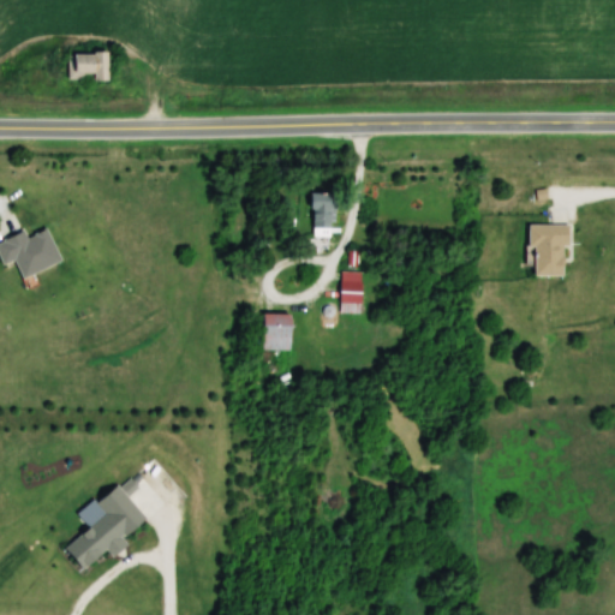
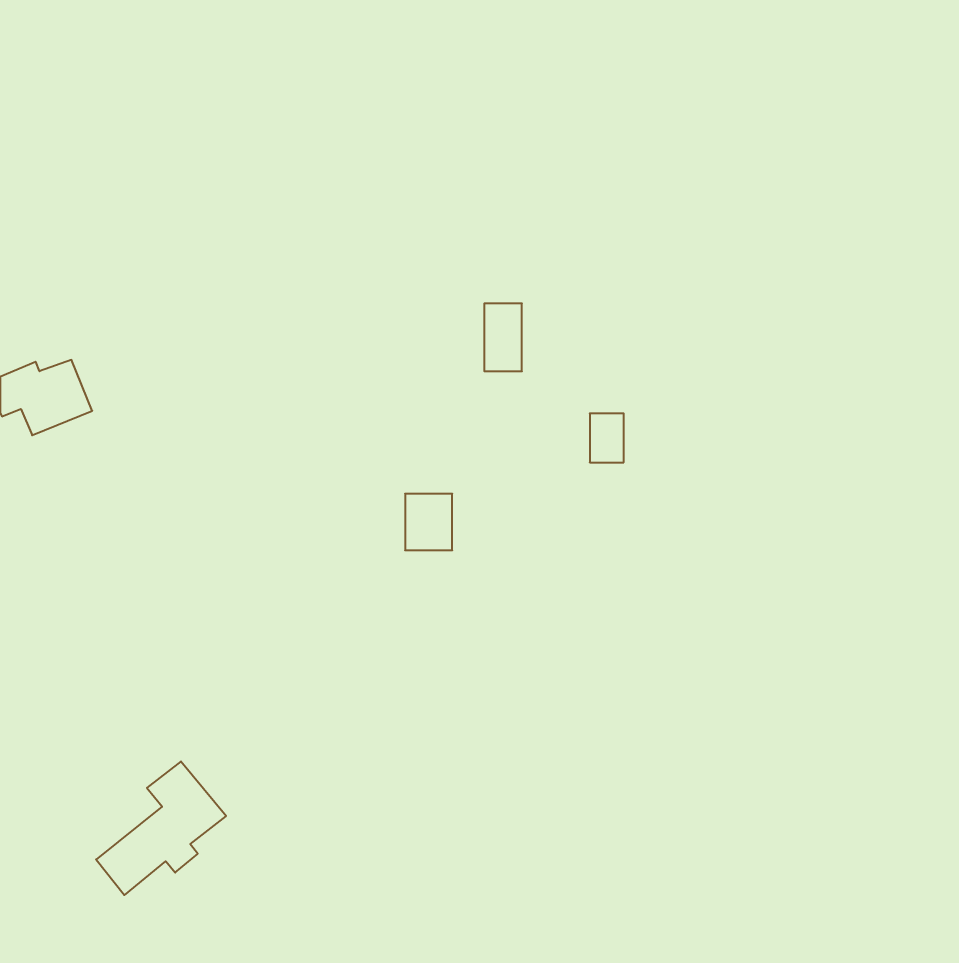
building: [67,53,112,80] -> none
building: [531,225,568,276] -> none
building: [341,273,363,304] -> [590,413,624,462]

